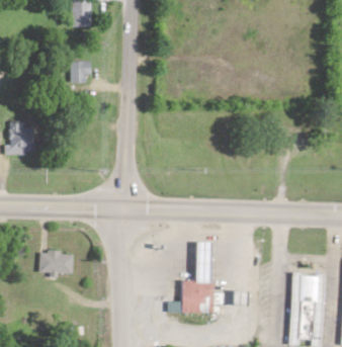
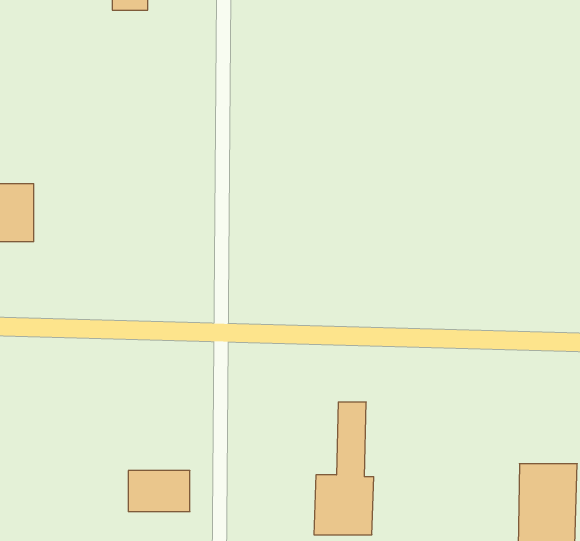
building: [70,61,91,83] -> none
building: [40,251,74,273] -> [128,471,190,512]

